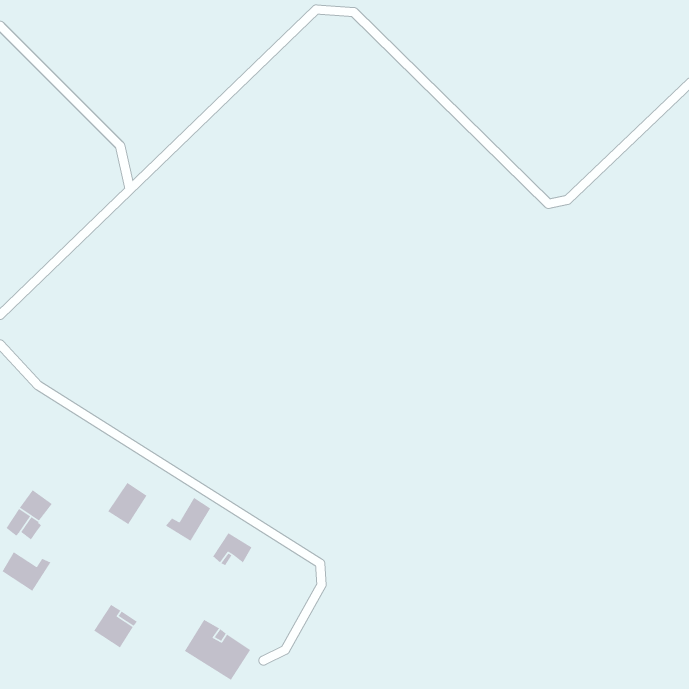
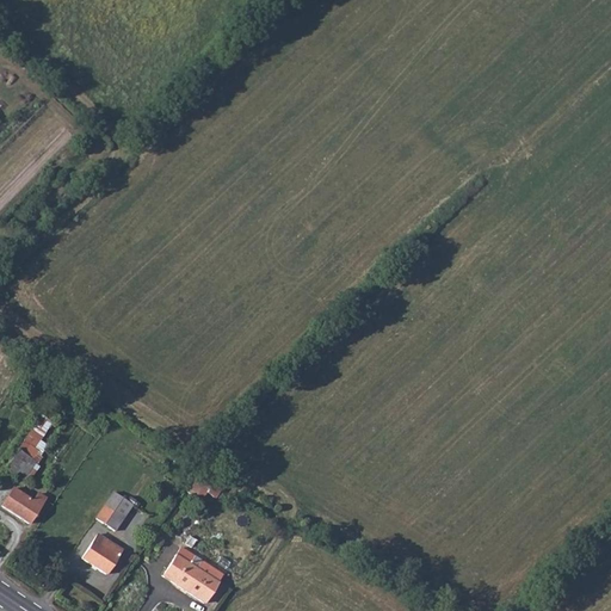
building: [107,482,148,525] -> [97,492,132,530]
building: [165,497,211,542] -> none

